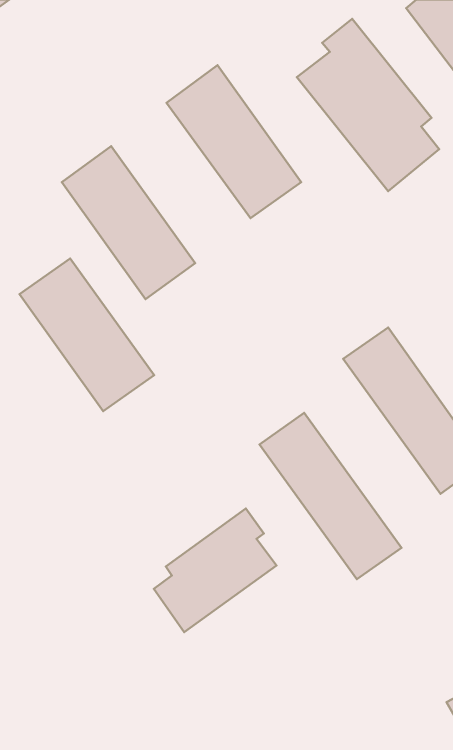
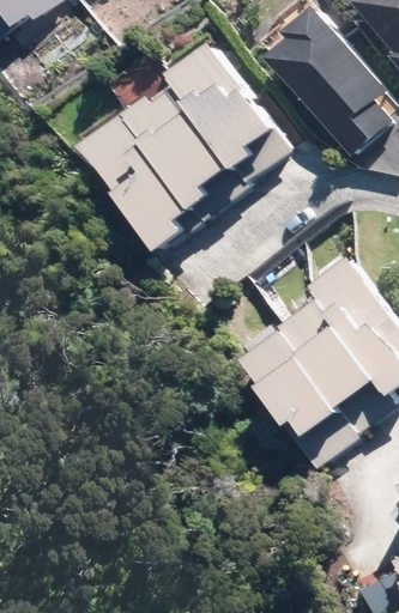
building: [19,258,154,411] -> [126,85,234,207]
building: none -> [278,298,392,431]
building: [154,509,276,632] -> none

